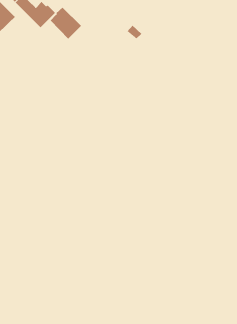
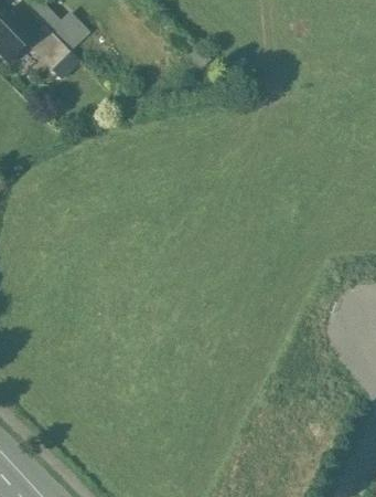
building: [50,7,82,40] -> [26,27,71,72]

